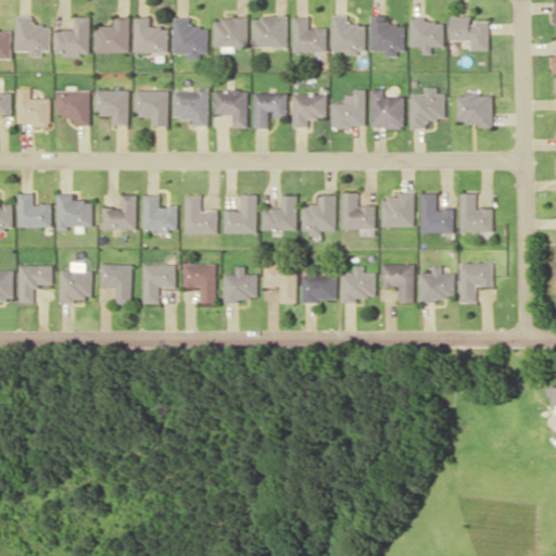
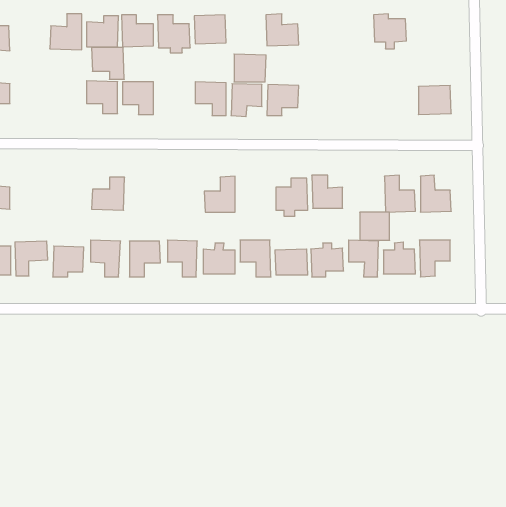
building: [15,16,50,55] -> none
building: [330,16,364,53] -> none
building: [368,16,403,55] -> none
building: [251,17,286,48] -> [234,54,266,82]
building: [448,17,488,51] -> none
building: [16,88,49,128] -> none
building: [330,90,364,129] -> none
building: [369,90,403,129] -> none
building: [408,90,443,130] -> none
building: [54,91,90,126] -> [91,47,124,79]
building: [173,91,207,127] -> none
building: [16,193,50,228] -> none
building: [54,194,91,231] -> none
building: [142,195,177,231] -> none
building: [184,195,217,235] -> none
building: [262,195,296,231] -> none
building: [380,197,413,227] -> [360,212,390,240]

